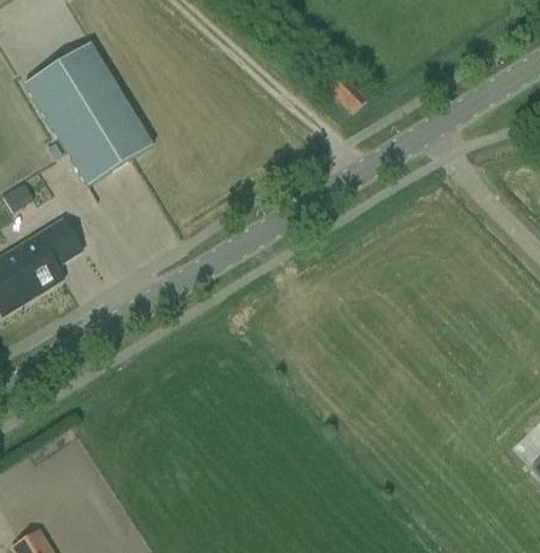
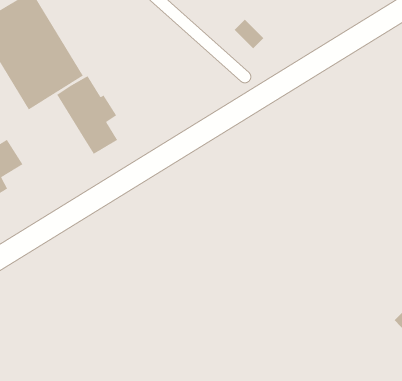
building: none -> [56,75,118,155]

